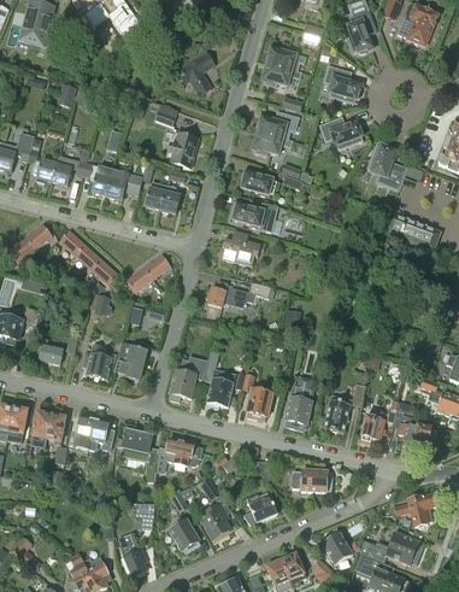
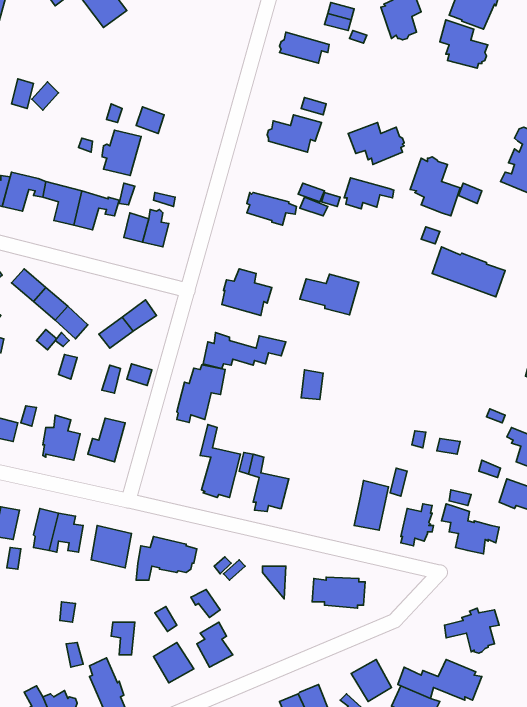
building: [176,51,214,95] -> none
building: [263,63,301,87] -> none
building: [324,65,361,102] -> [440,20,488,68]
building: [253,131,292,156] -> [344,178,394,209]
building: [169,133,199,168] -> [102,130,141,175]
building: [233,200,278,231] -> [300,274,359,315]
building: [170,357,207,401] -> [177,365,225,423]
building: [284,379,313,430] -> none
building: [242,493,277,524] -> none

